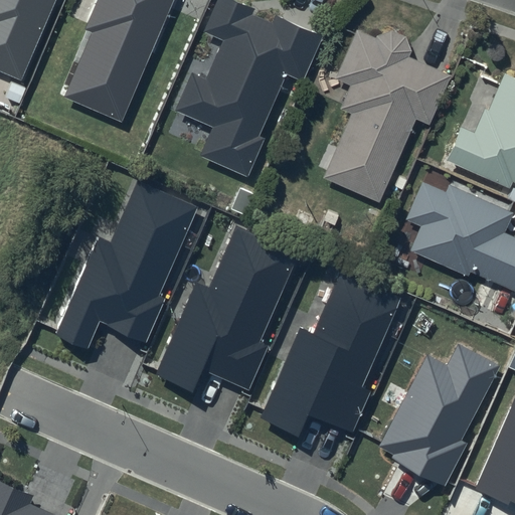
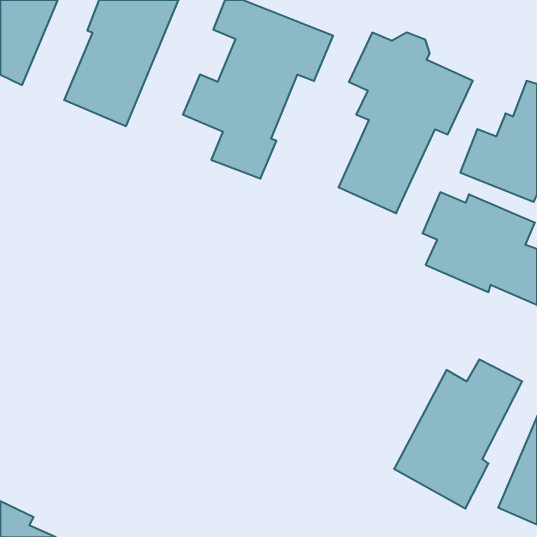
building: [55,181,197,348] -> none
building: [156,226,299,393] -> none
building: [260,270,402,437] -> none

